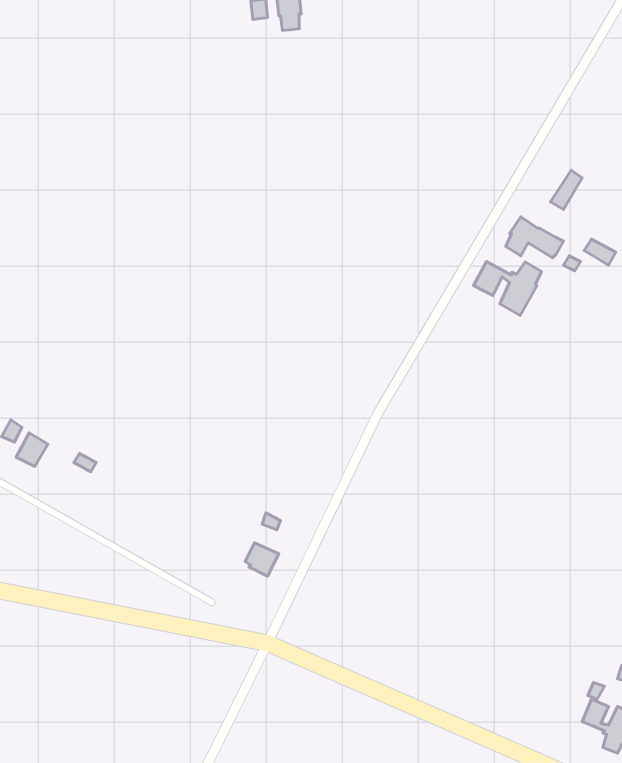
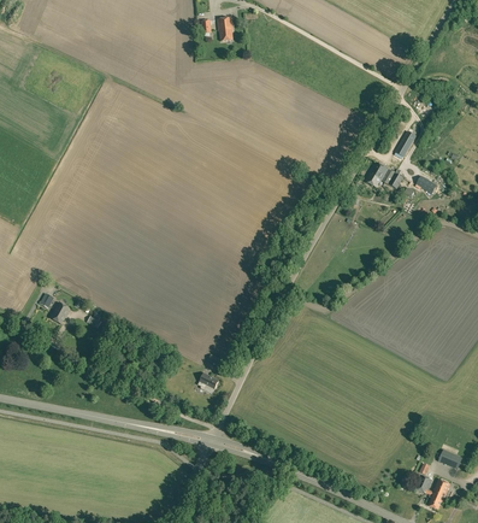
building: [474,261,541,315] -> none

